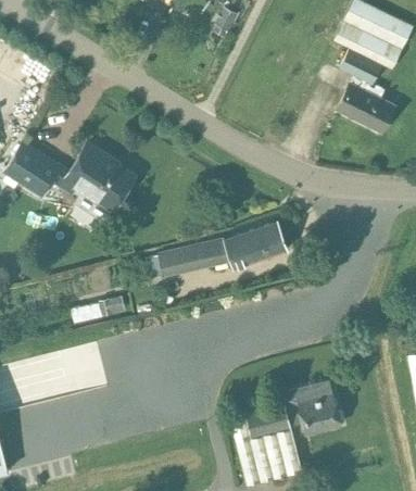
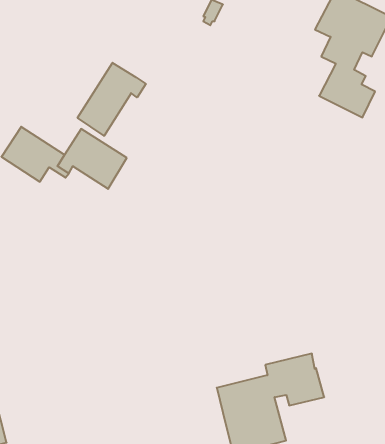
building: none -> [78,63,146,136]
building: [143,223,283,277] -> none

